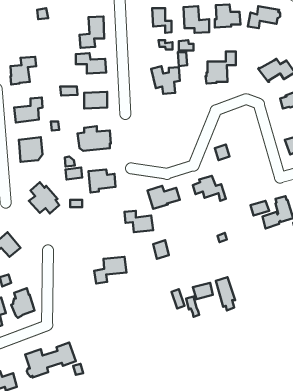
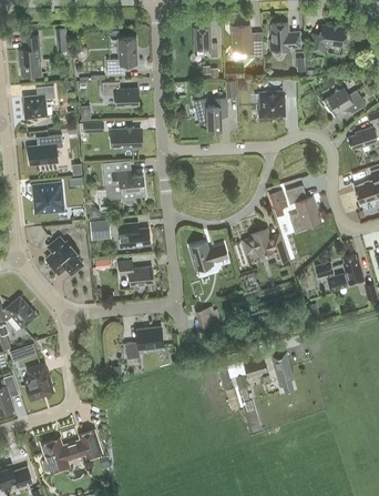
building: none -> [18,36,42,74]
building: none -> [285,185,320,233]
building: [125,211,153,232] -> [119,260,153,285]

